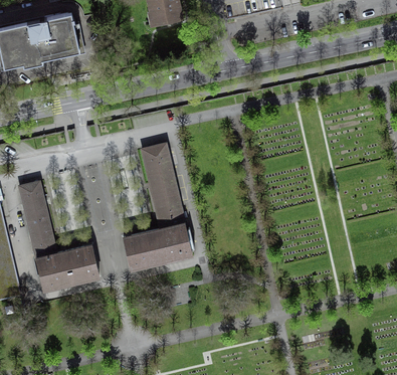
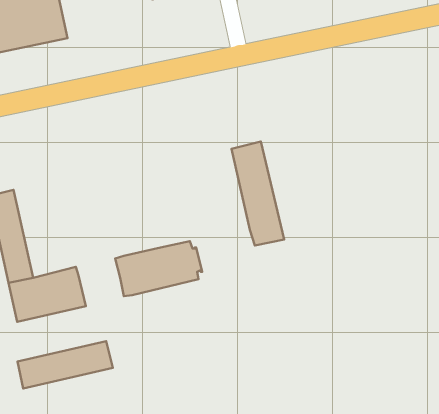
building: [141,141,184,226] -> [231,142,284,246]
building: none -> [18,341,113,388]

